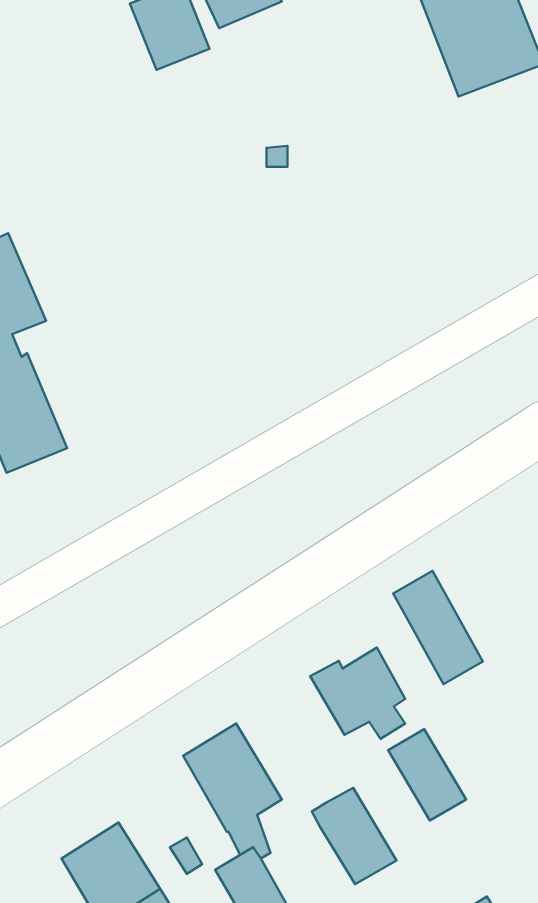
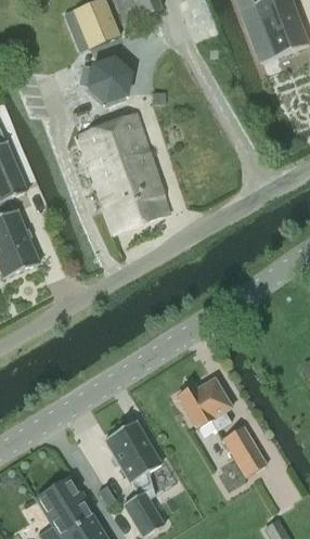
building: none -> [88,57,131,102]
building: none -> [81,112,169,230]
building: [393,571,483,684] -> none
building: [312,788,396,884] -> none

